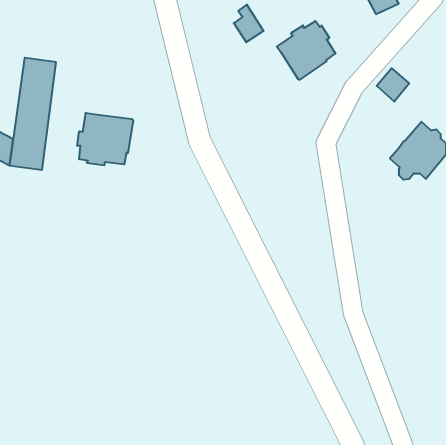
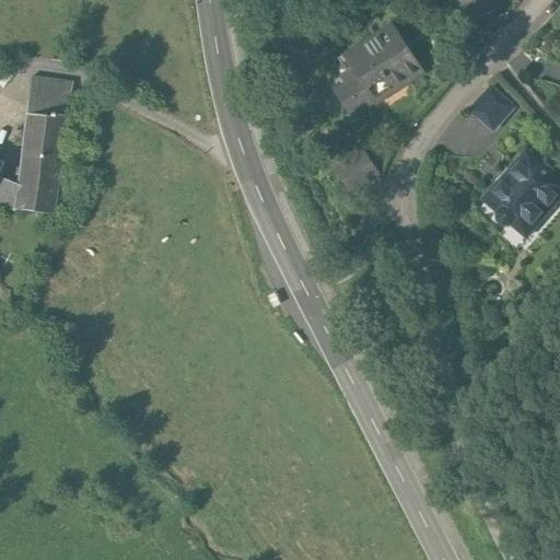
building: [234,5,264,42] -> [335,66,372,113]
building: [77,113,133,165] -> none
building: none -> [336,150,373,187]

